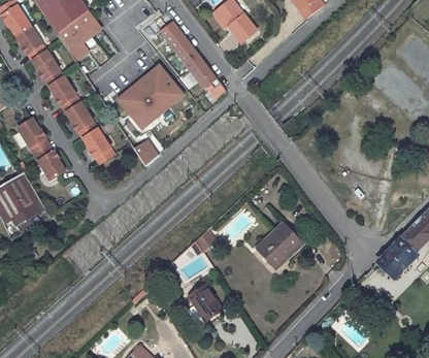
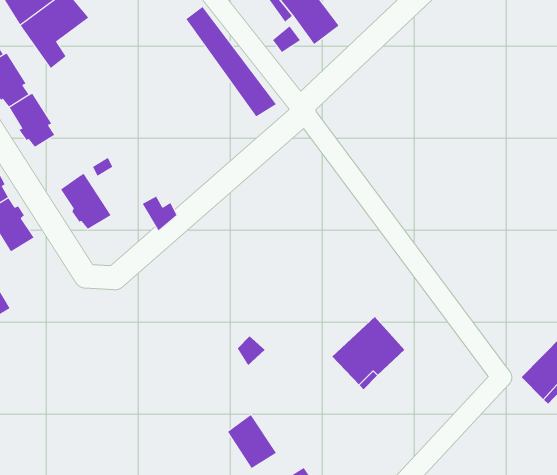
building: [114,64,184,130] -> none
building: [65,103,95,139] -> none

